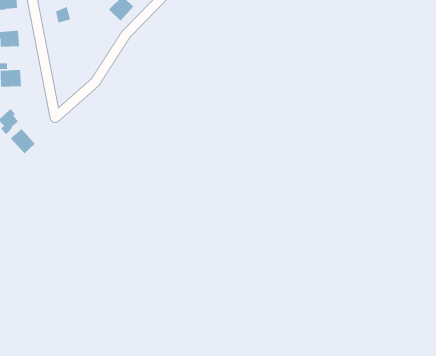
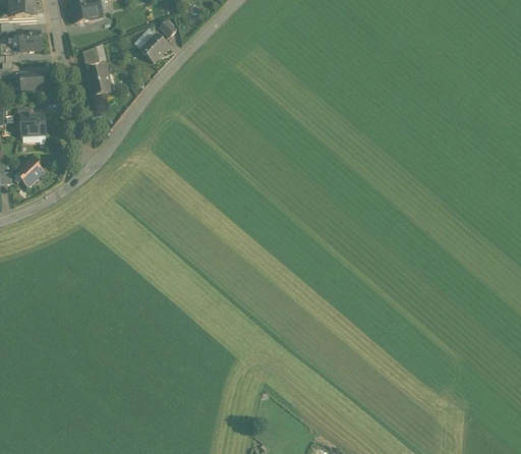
building: none -> [86,67,112,95]
building: [10,128,35,154] -> none

